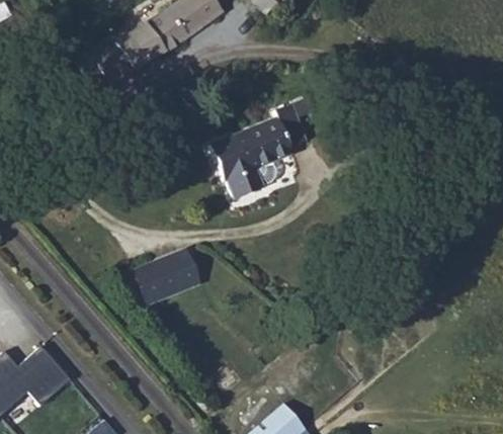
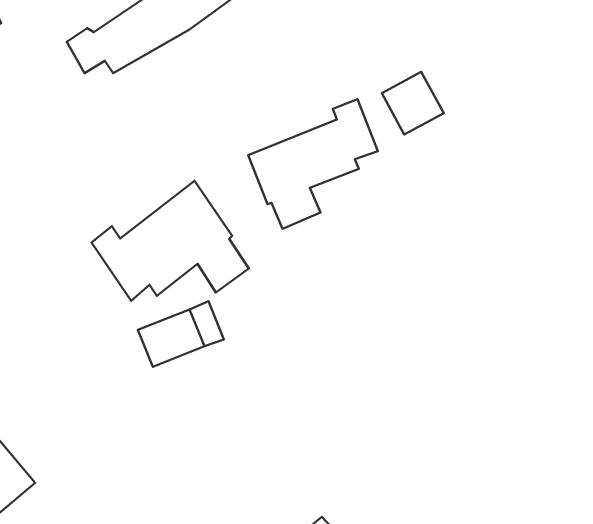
building: none -> [382,72,444,134]
building: none -> [91,181,249,301]

